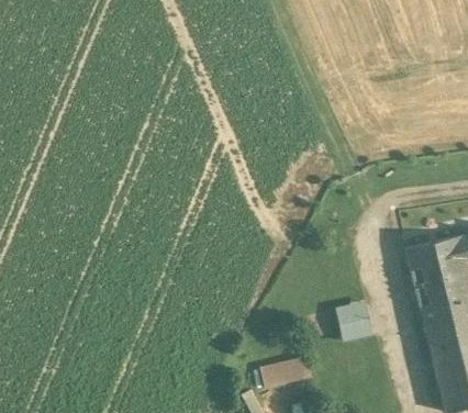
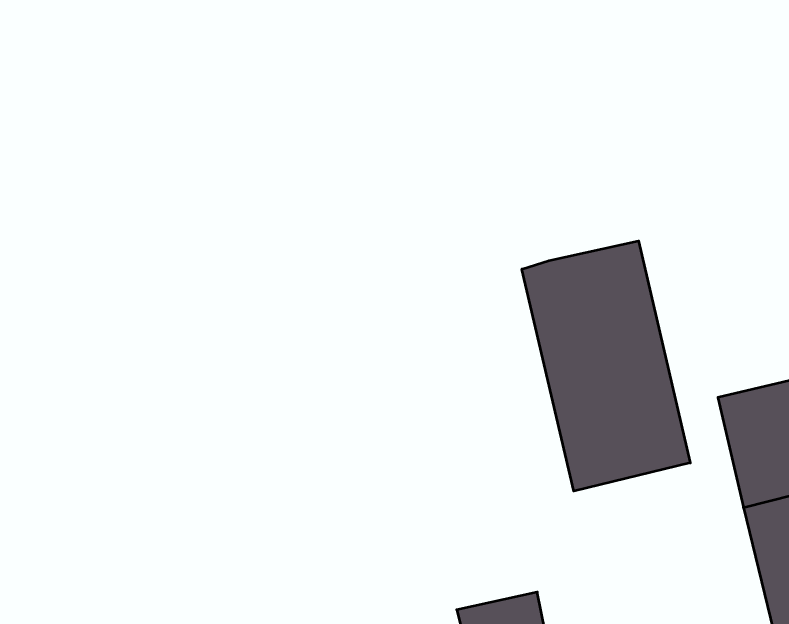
building: none -> [522,241,690,491]
building: [336,302,372,342] -> none

